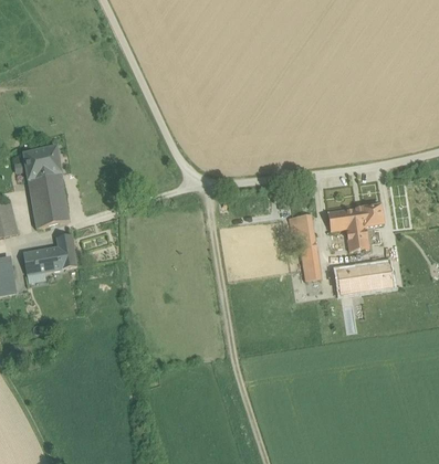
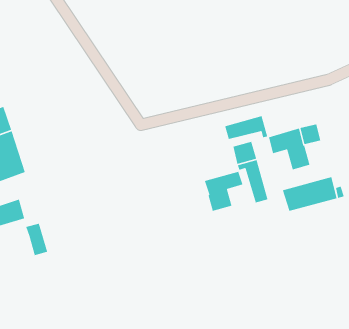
building: none -> [224,115,268,140]
building: [55,233,76,267] -> [25,223,48,256]
building: none -> [204,171,243,212]

